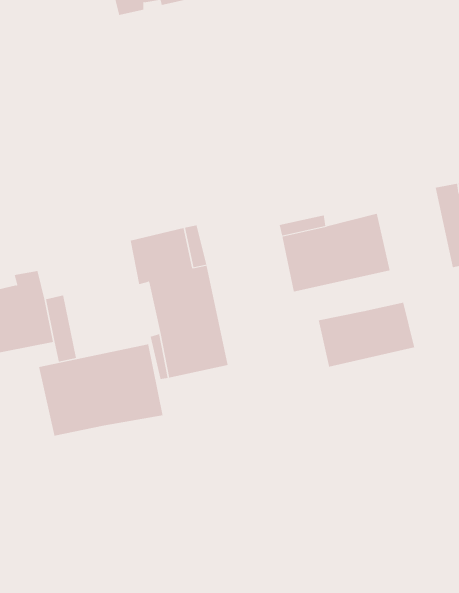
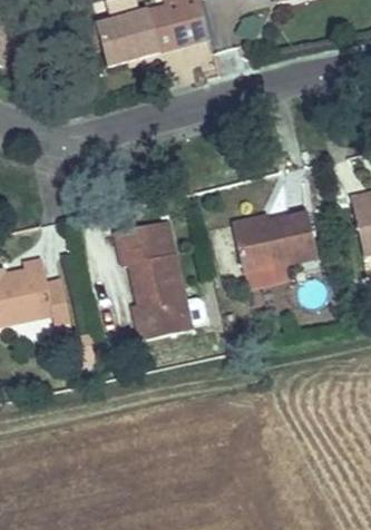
building: [318,302,415,368] -> none
building: [38,343,163,437] -> none

